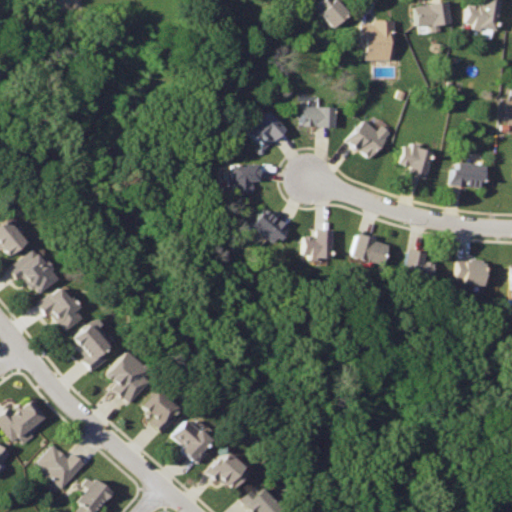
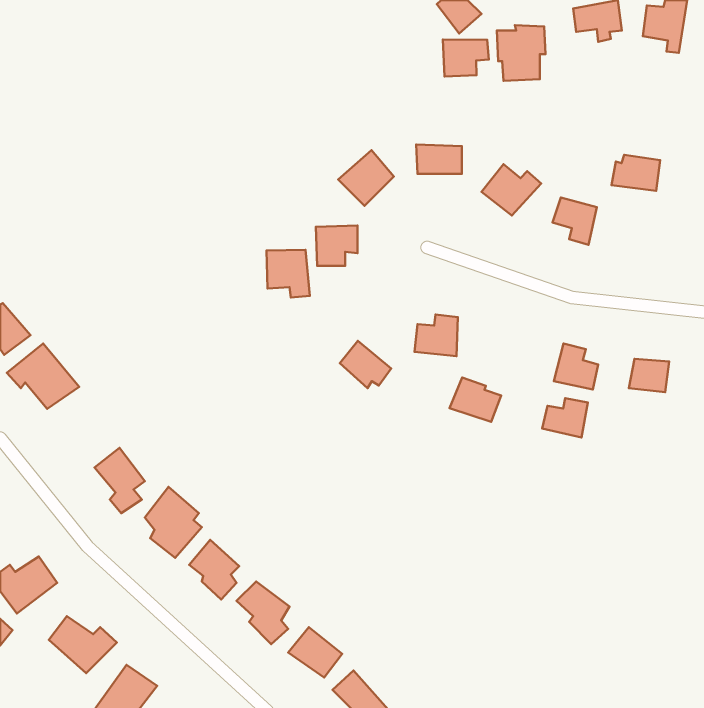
building: none -> [443,40,489,77]
building: [452,163,487,189] -> [612,155,660,191]
building: none -> [266,250,310,298]
building: [254,209,291,243] -> [340,341,391,388]
building: [351,233,388,265] -> [450,377,501,422]
building: [41,287,83,332] -> none
building: none -> [542,398,588,438]

